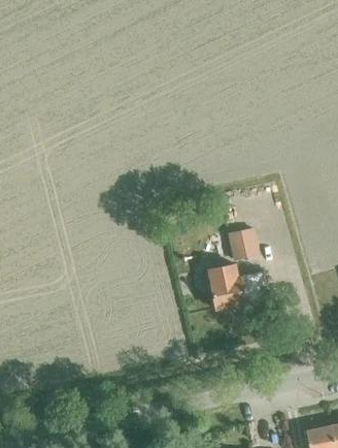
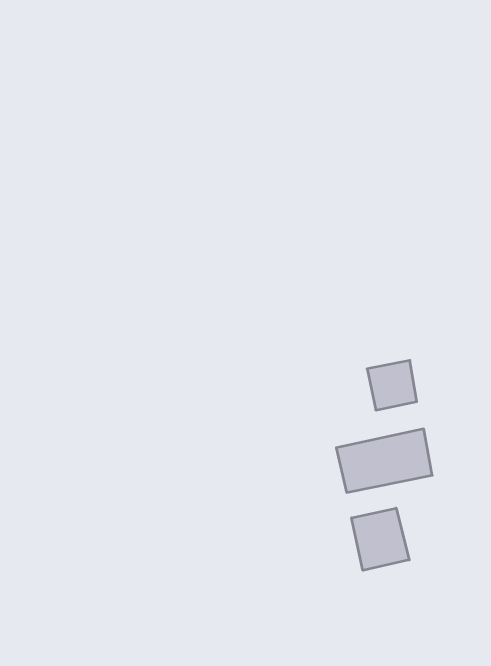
building: none -> [352,508,409,570]

